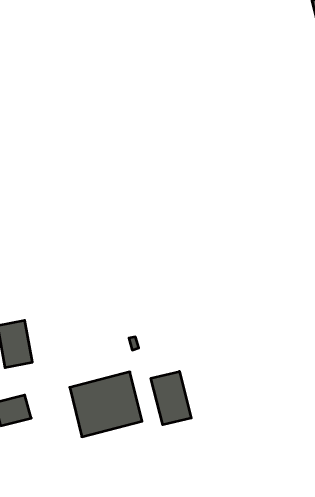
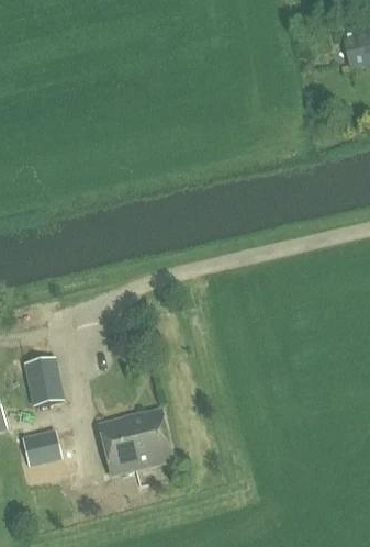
building: [151,371,191,425] -> none

